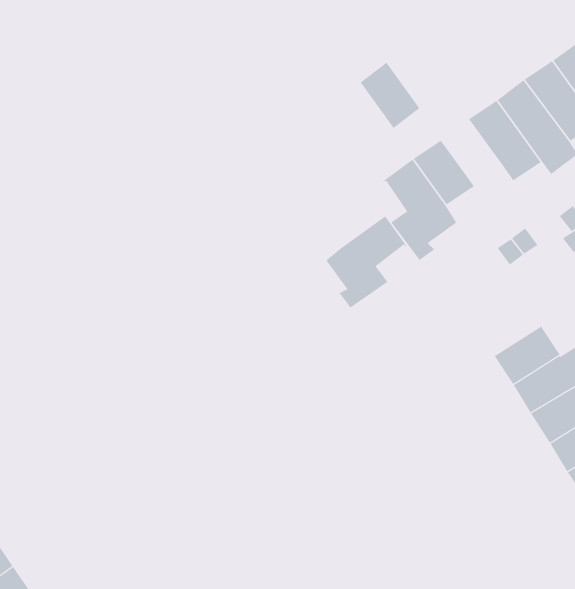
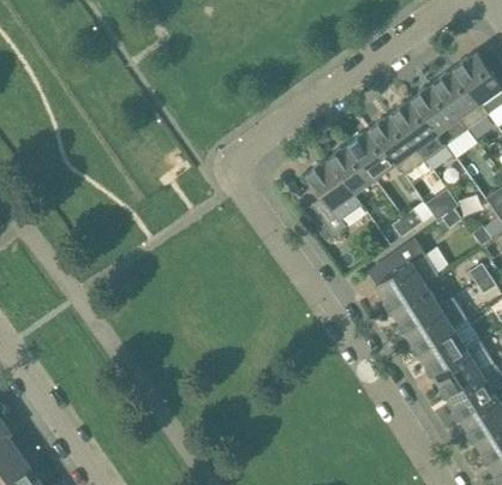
building: [360,62,420,129] -> [349,127,395,178]
building: [326,215,407,308] -> none
building: none -> [375,238,438,306]

